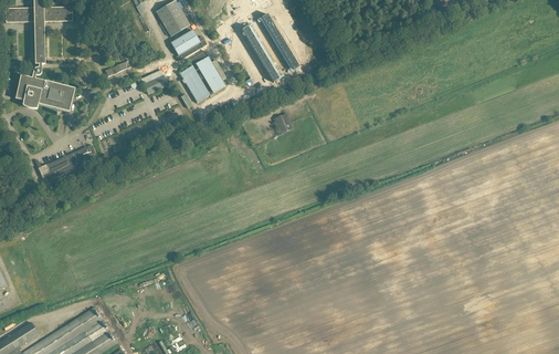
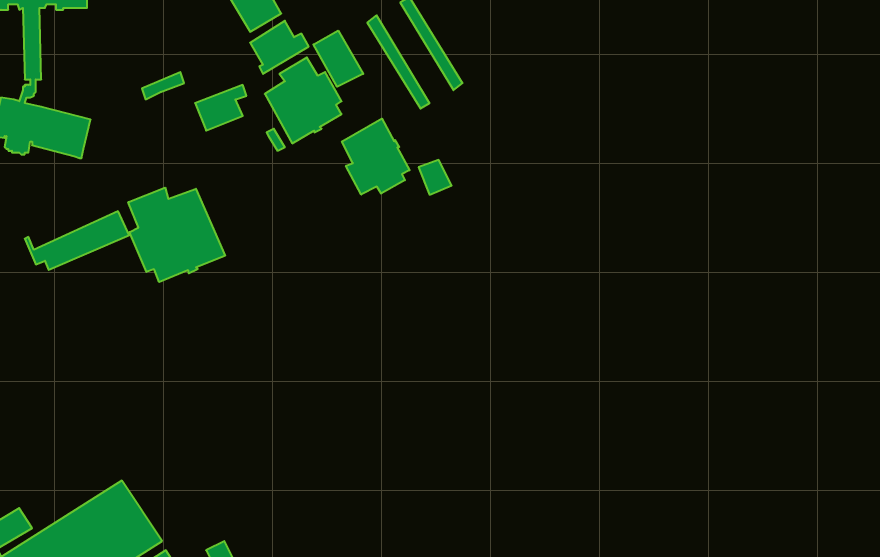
building: none -> [313,31,363,87]
building: none -> [342,119,410,195]
building: none -> [128,188,225,282]

